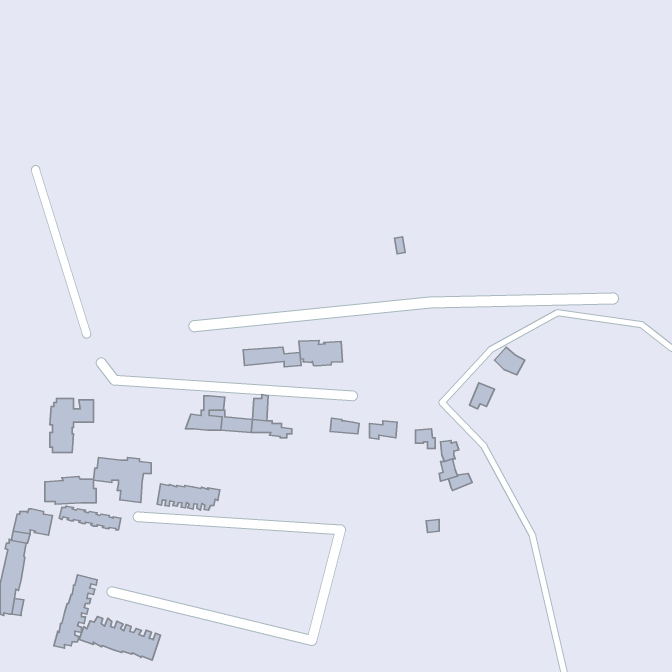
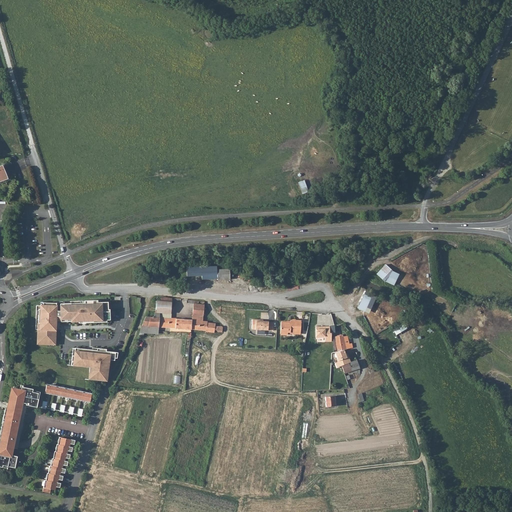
building: [299,341,343,366] -> none
building: [45,477,96,504] -> [71,300,110,321]
building: [157,484,220,510] -> none
building: [79,616,161,660] -> none

